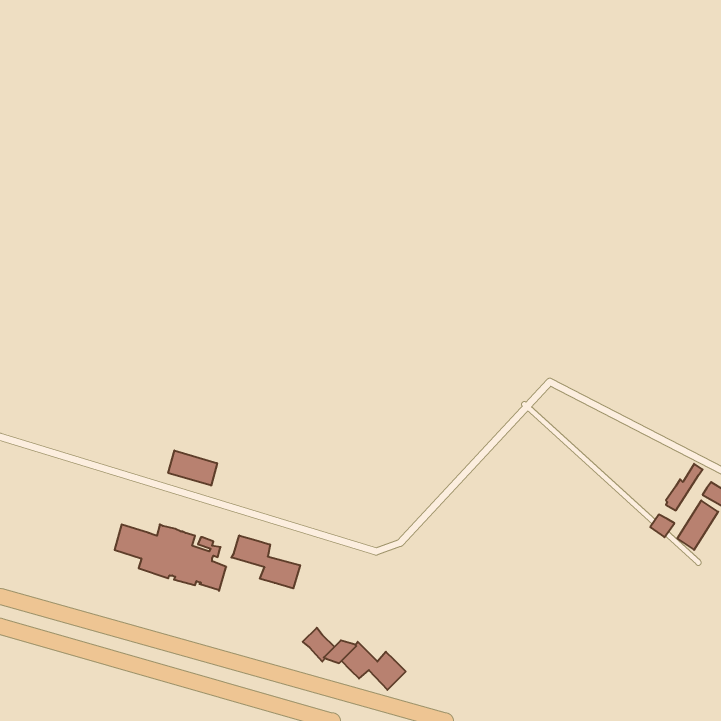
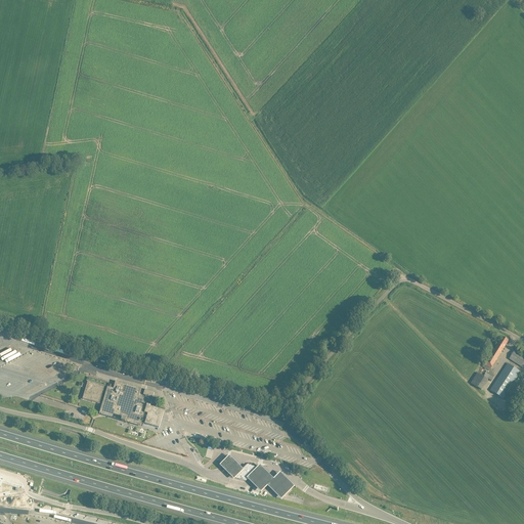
building: [168,450,217,486] -> none
building: [231,535,300,588] -> none

